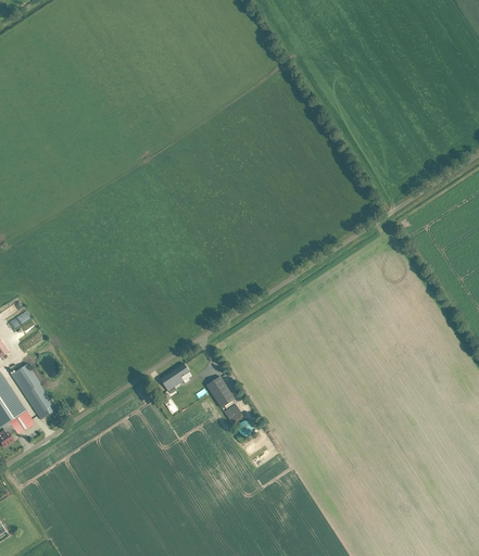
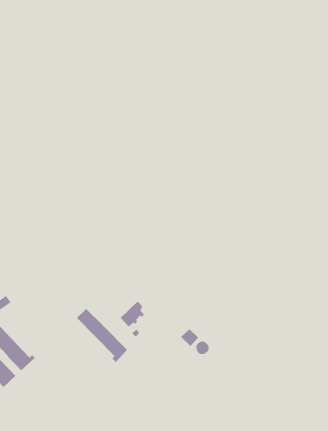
building: none -> [76,308,128,363]
building: [205,375,235,407] -> none

